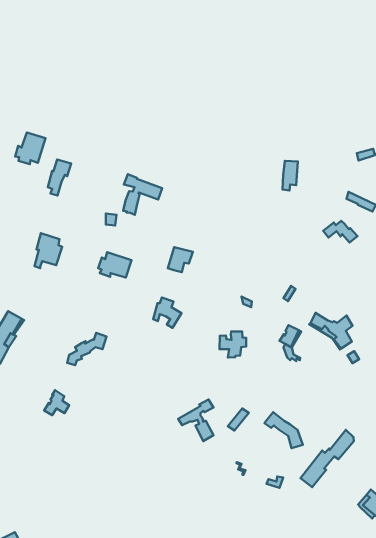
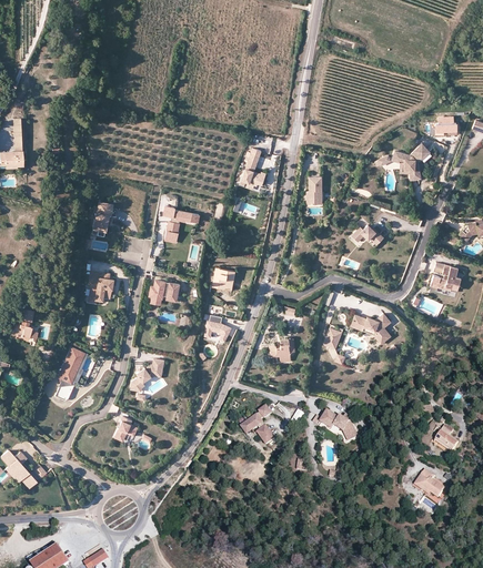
building: none -> [240,149,266,186]
building: [15,133,45,164] -> none
building: [300,430,354,487] -> none

